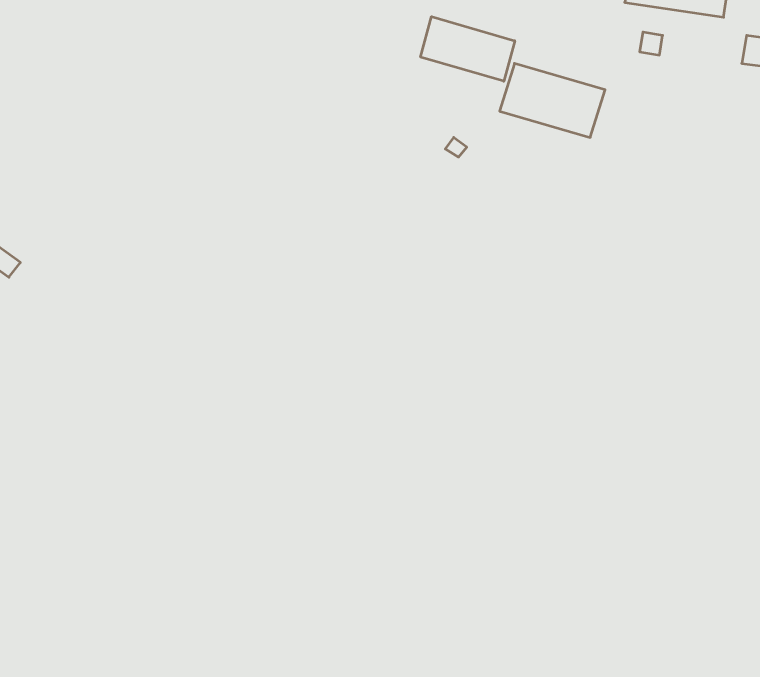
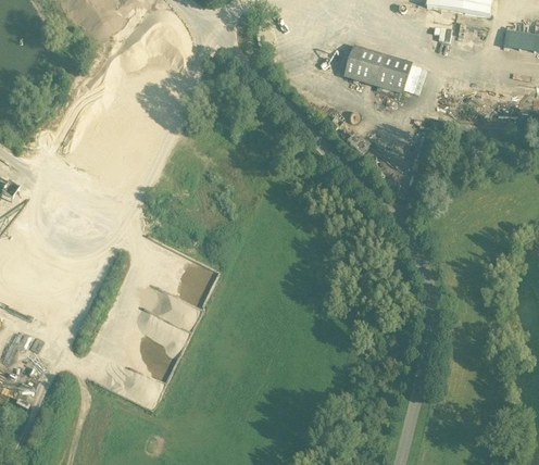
building: [421,17,515,81] -> none

